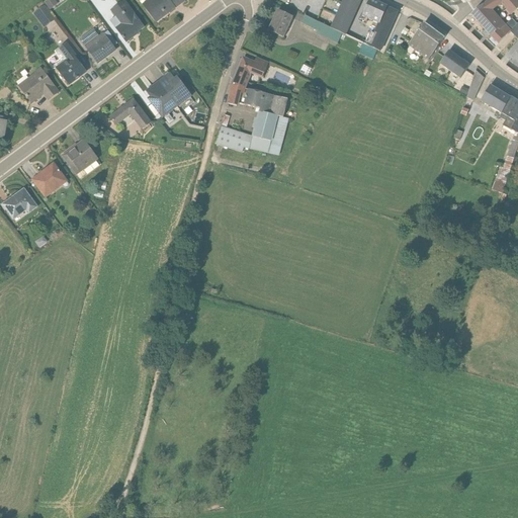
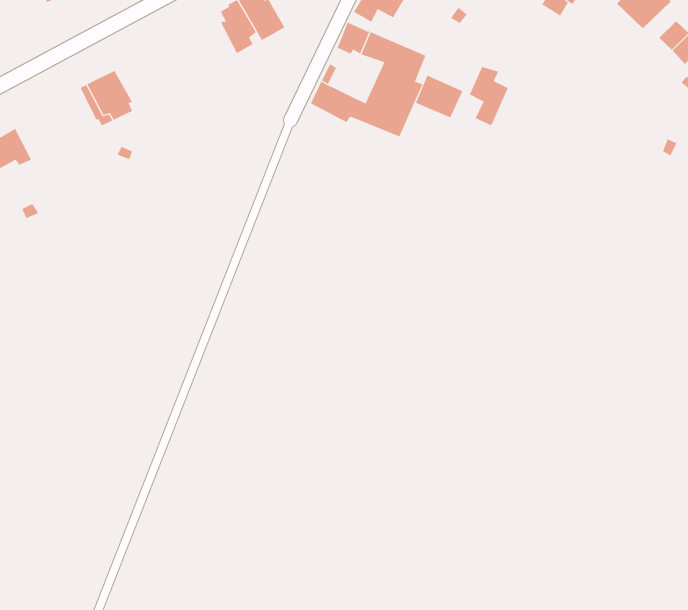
building: [109,97,151,127] -> none
building: none -> [469,66,508,126]
building: none -> [415,75,463,118]
building: [32,164,67,196] -> none

